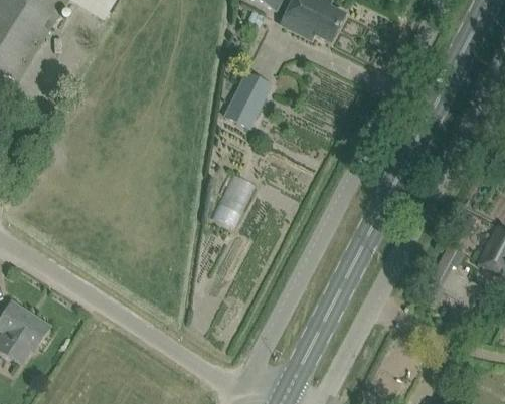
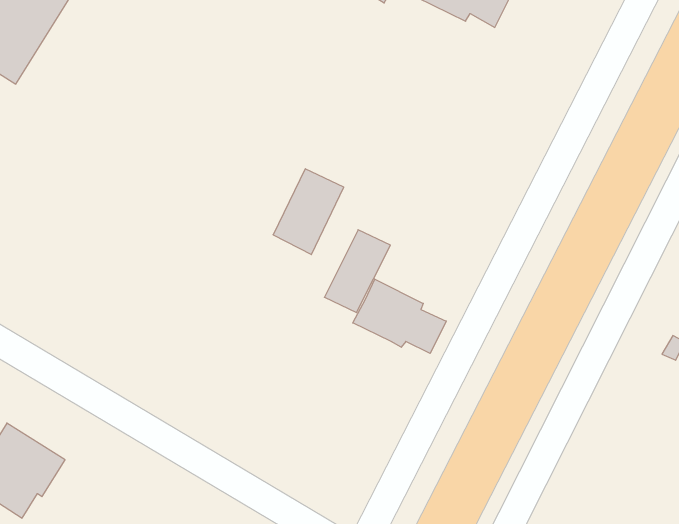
building: [224,71,271,128] -> [273,169,344,255]
building: none -> [353,279,446,353]

